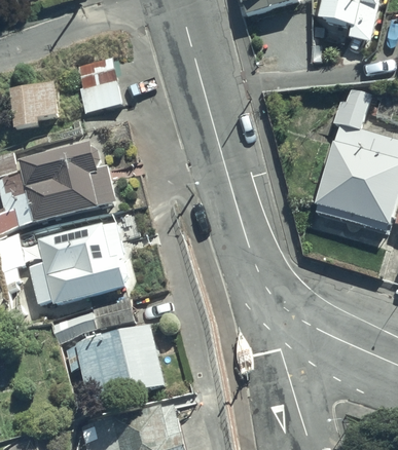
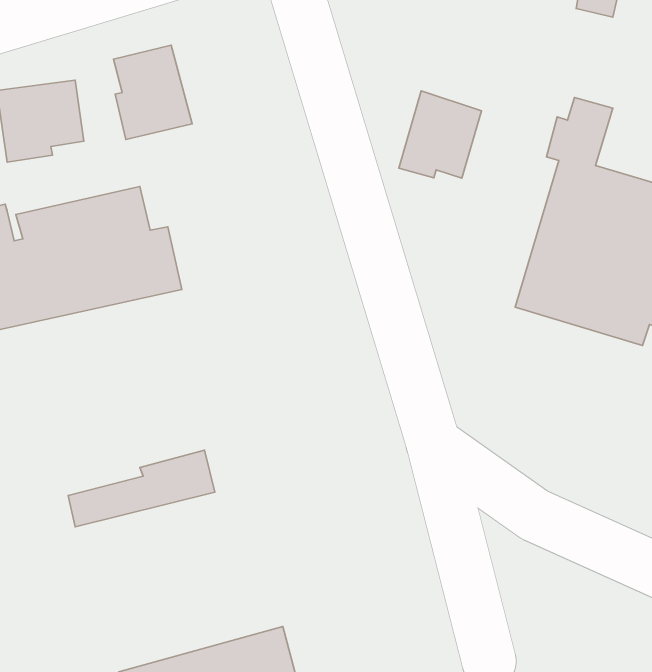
building: none -> [399,91,481,178]
building: [28,222,129,306] -> none
building: [62,326,164,402] -> none

